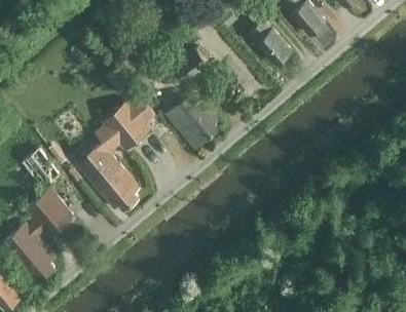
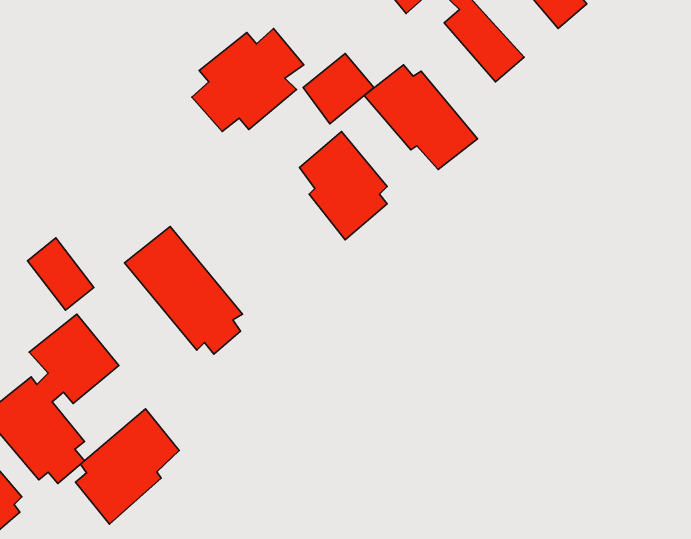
building: none -> [364,65,477,169]
building: [94,98,154,153] -> [192,29,304,131]
building: none -> [76,409,179,524]

